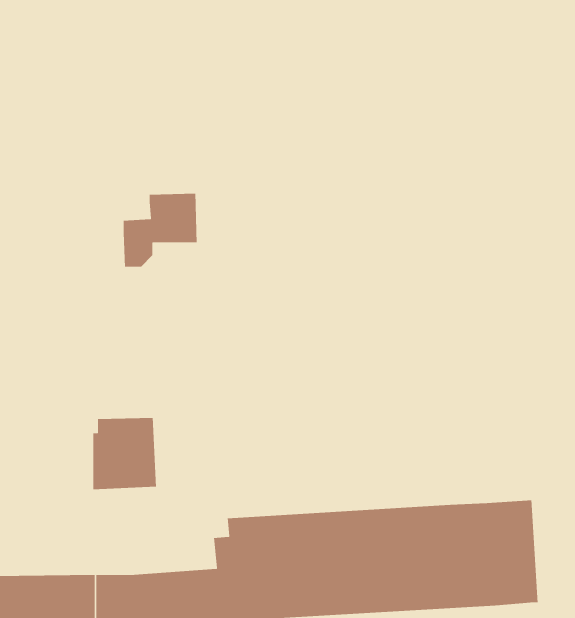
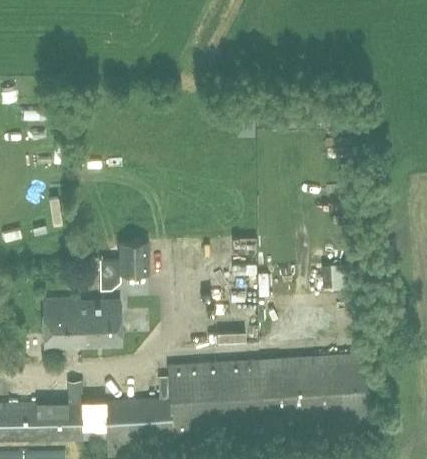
building: [123,193,198,267] -> [99,238,148,287]
building: none -> [43,295,82,347]

